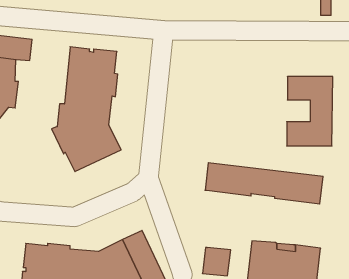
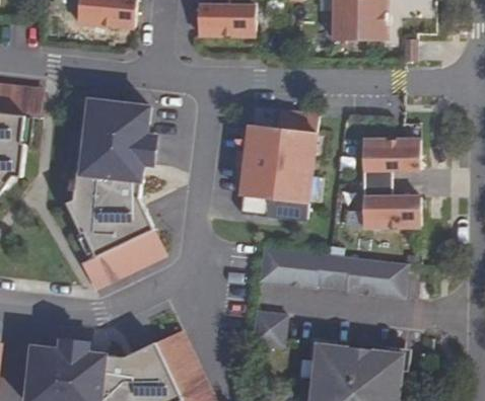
building: none -> [234,104,317,217]
building: none -> [82,230,165,288]
building: [202,248,231,276] -> [252,311,287,346]

